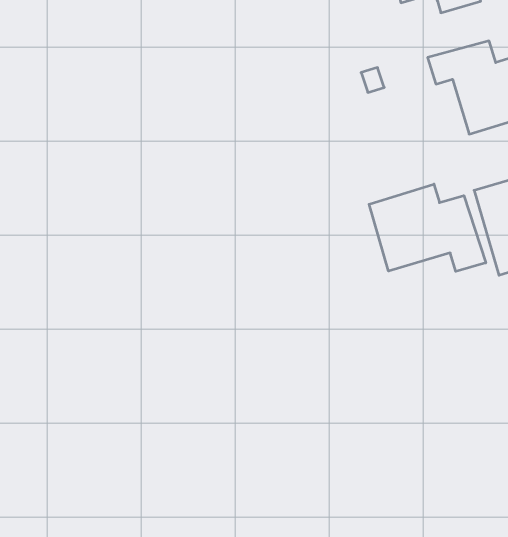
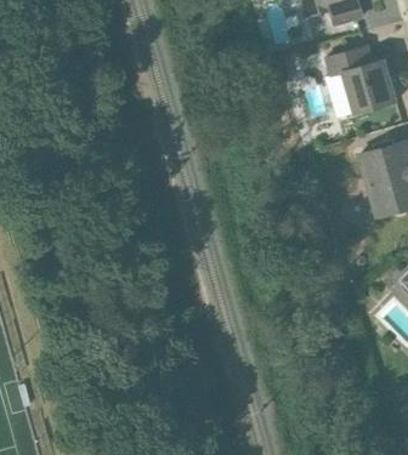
building: [369,184,486,271] -> none

